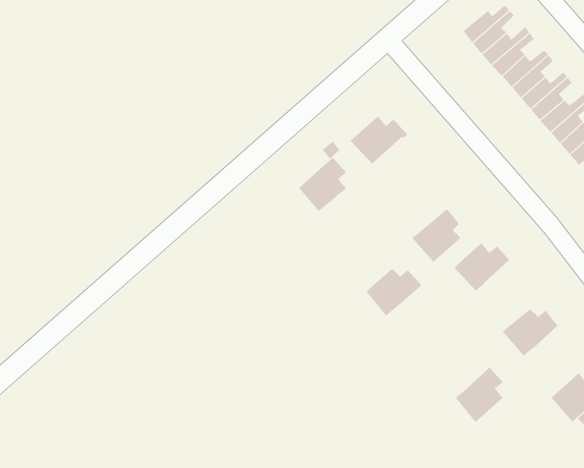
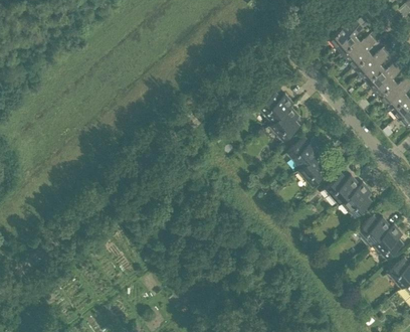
building: [298,157,347,212] -> [268,106,299,141]
building: none -> [341,182,372,217]
building: [366,268,422,317] -> [286,137,323,168]
building: [455,366,504,423] -> [372,223,403,260]

